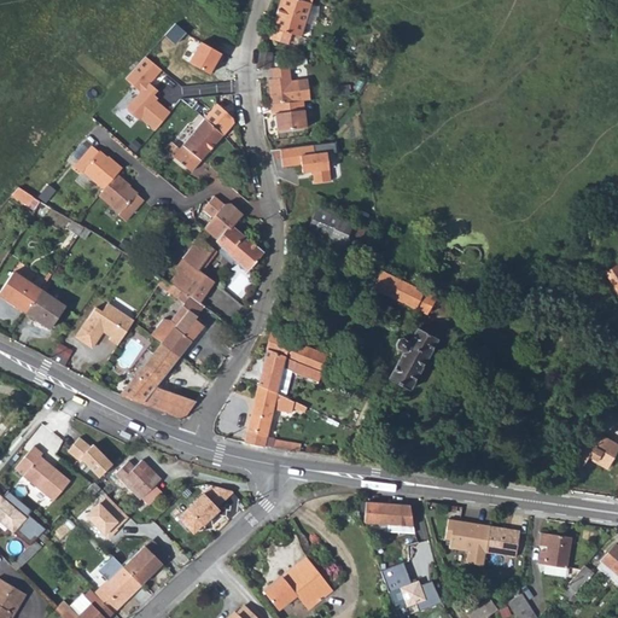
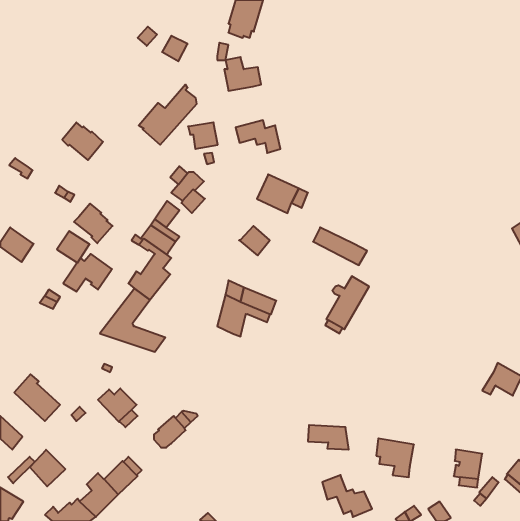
building: [128,56,173,129] -> none
building: [270,103,305,134] -> [188,122,218,149]
building: [99,174,145,221] -> [74,204,113,243]
building: [227,235,263,270] -> [239,226,270,255]
building: [27,288,65,326] -> [57,231,90,263]
building: [245,386,292,447] -> none
building: [69,437,116,478] -> none
building: [88,496,130,540] -> [30,450,65,486]
building: [486,526,520,556] -> none
building: [264,558,333,611] -> none

